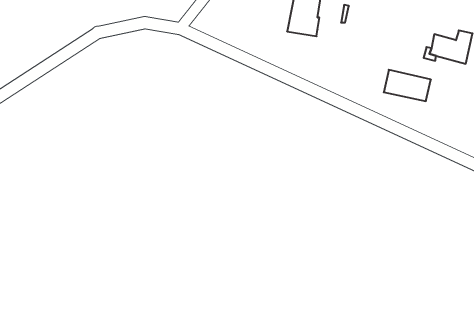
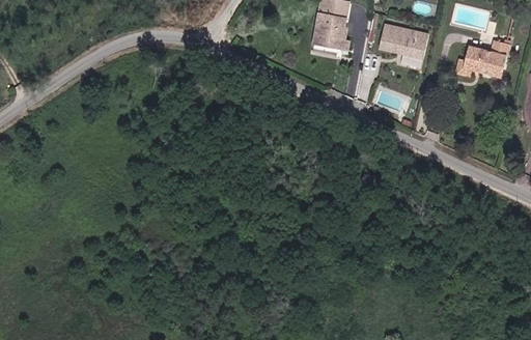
building: [384,70,431,101] -> [379,25,428,58]

